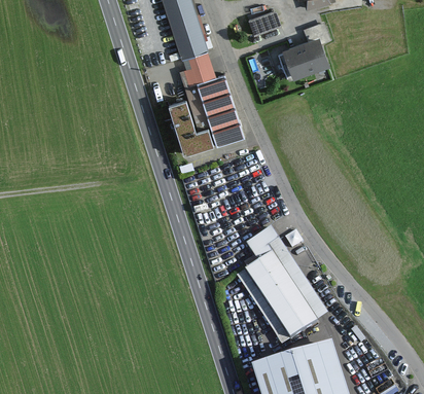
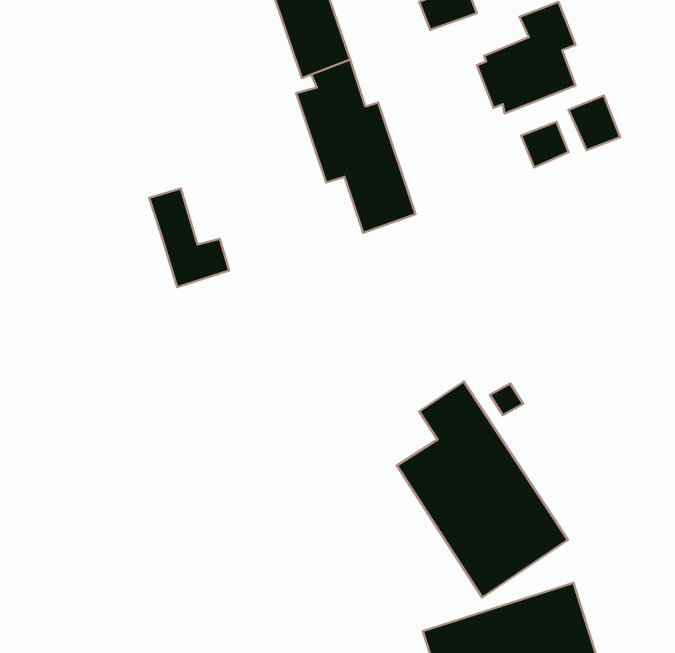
building: none -> [568,95,620,150]
building: none -> [521,122,568,167]
building: [170,101,214,155] -> [149,189,229,287]

